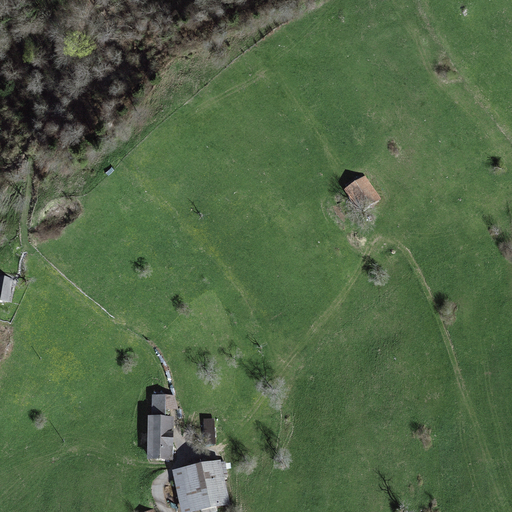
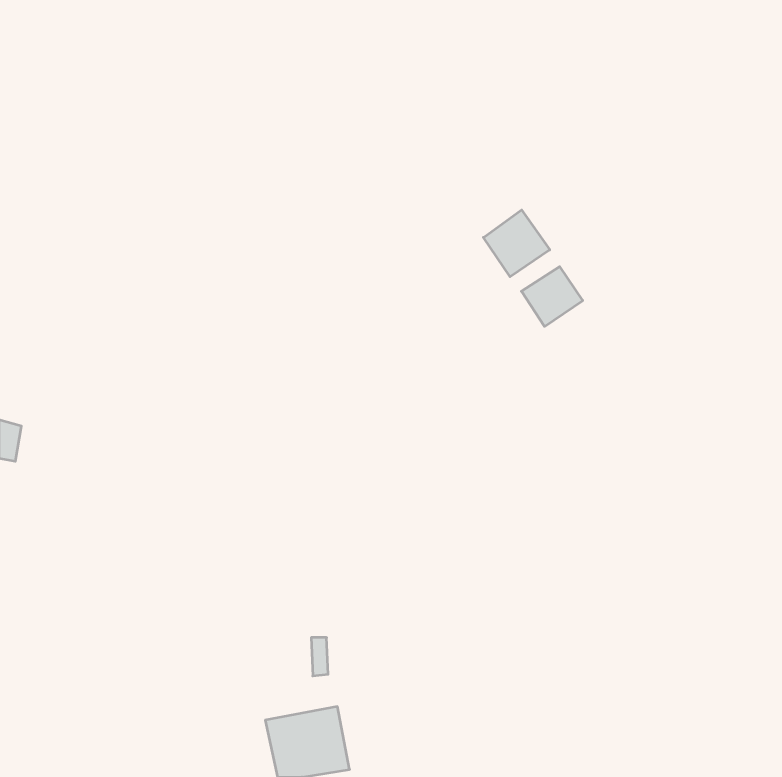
building: none -> [483,210,550,277]
building: [147,393,173,453] -> none

